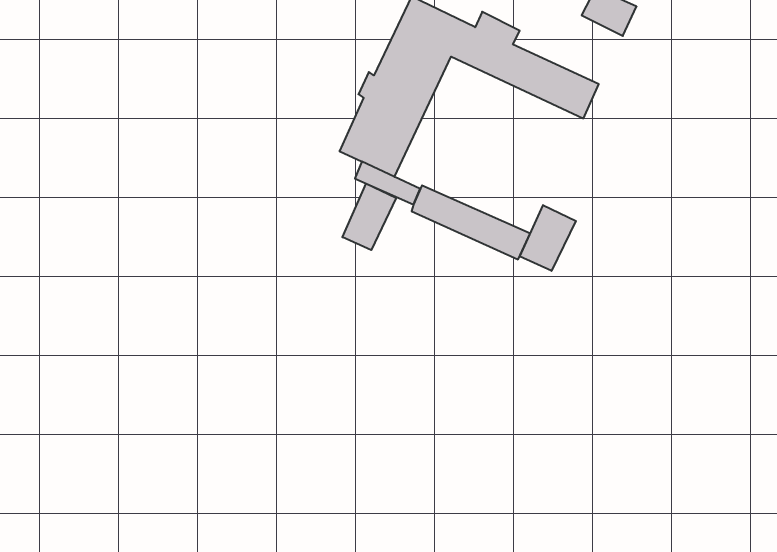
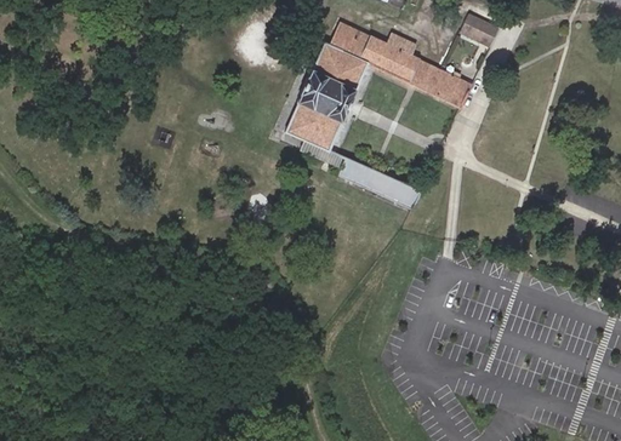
building: [342,184,396,250] -> none
building: [520,205,576,271] -> none

